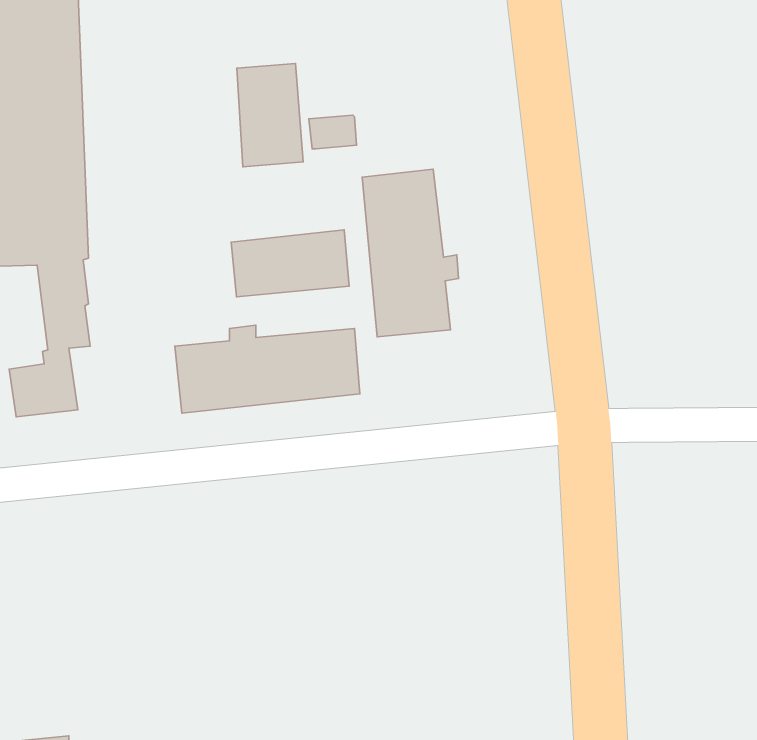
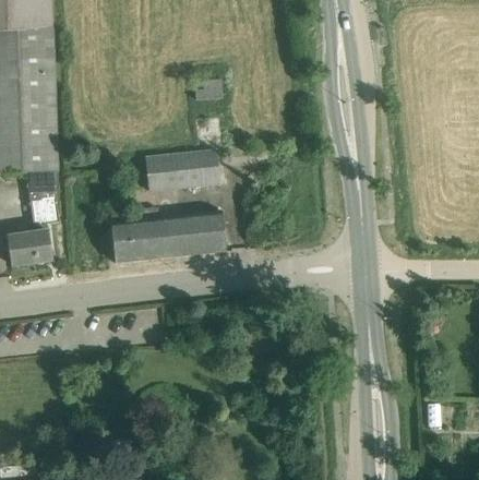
building: [237,64,303,167] -> none
building: [362,169,458,337] -> none

